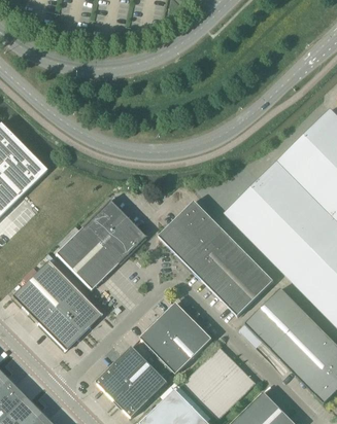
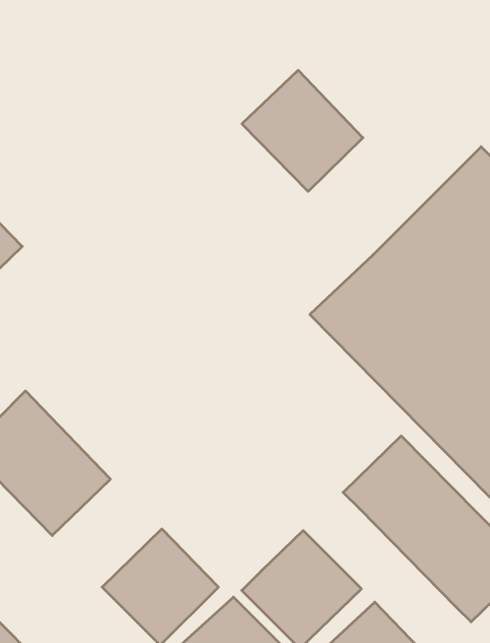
building: none -> [242,70,363,191]
building: [55,201,144,290] -> none
building: [158,201,273,316] -> none
building: [140,303,211,375] -> none

